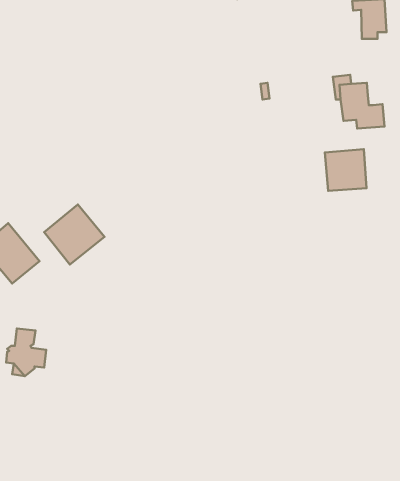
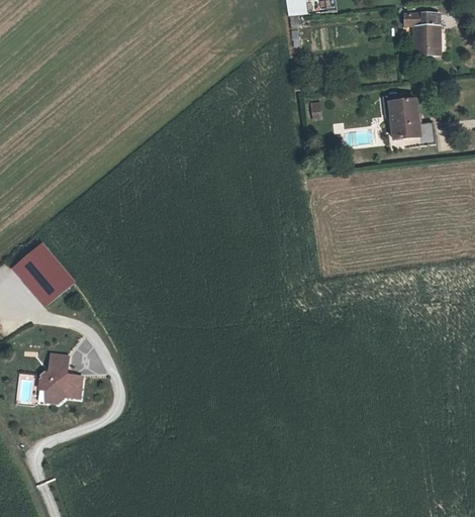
building: [325,149,367,191] -> none
building: [44,205,104,265] -> none

